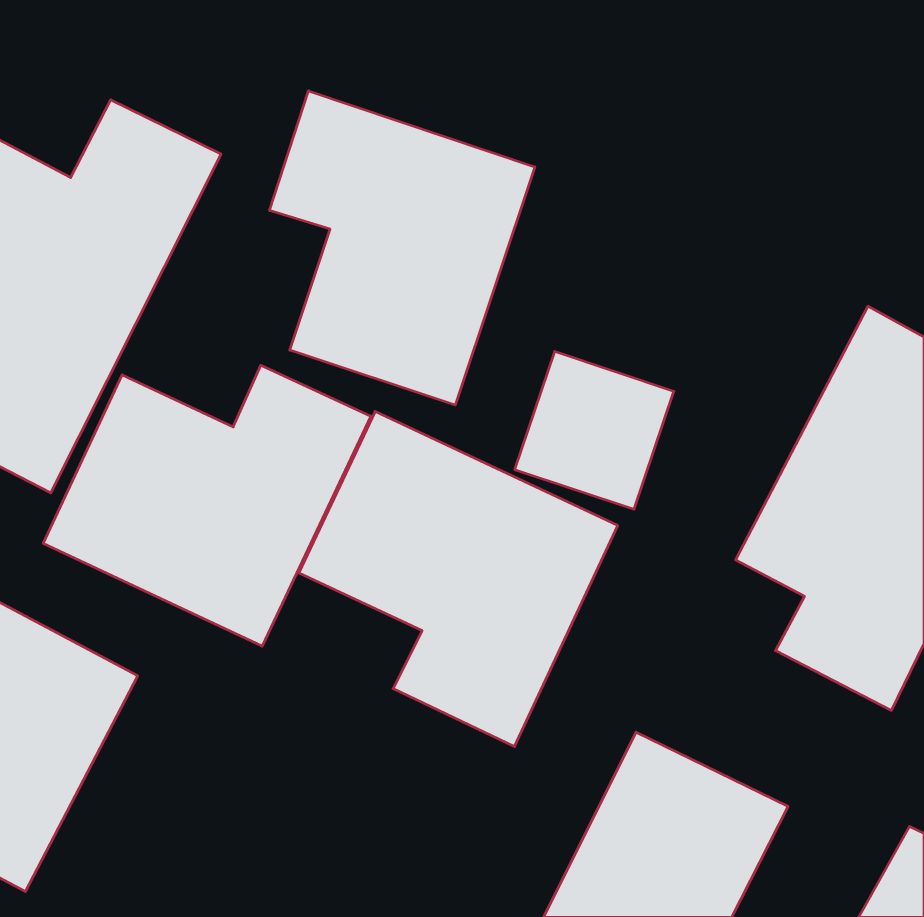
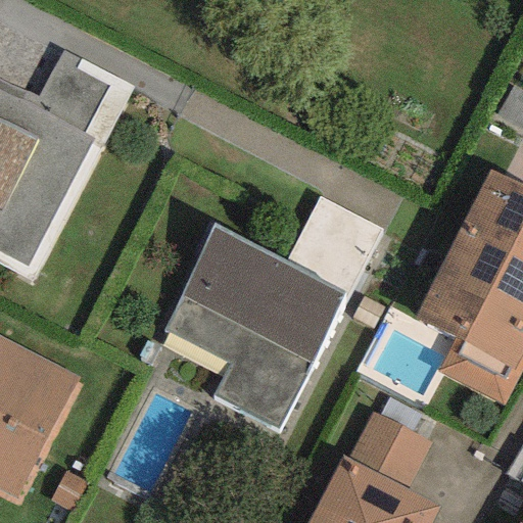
building: [270,91,535,405] -> none
building: [43,365,371,646] -> none

